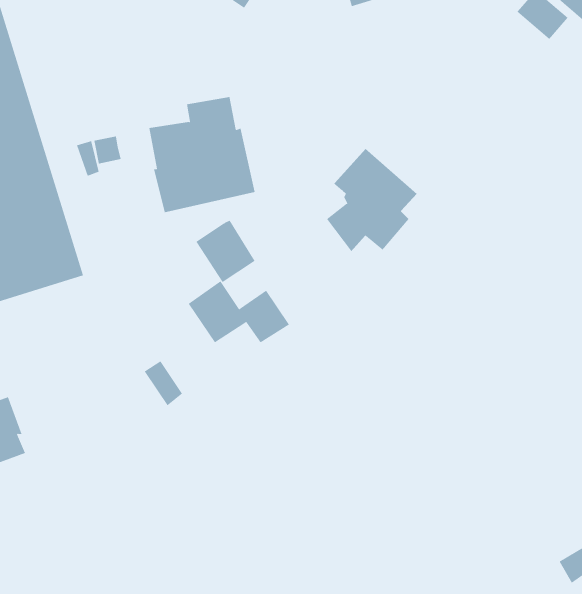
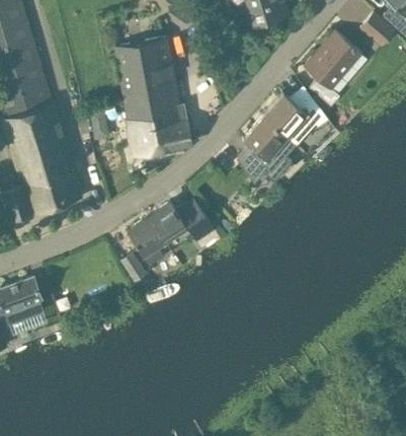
building: none -> [304,30,362,106]
building: none -> [113,38,176,103]
building: none -> [263,92,327,146]
building: [196,220,255,283] -> [127,217,165,258]

